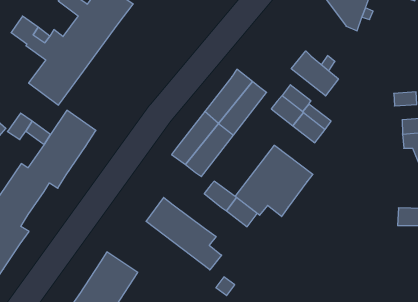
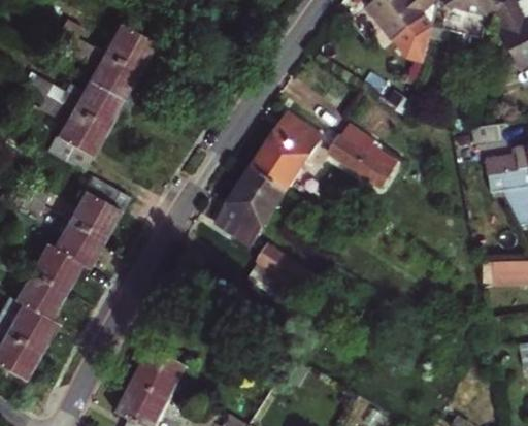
building: [291,51,338,96] -> none
building: [235,145,313,217] -> none
building: [146,197,222,270] -> none

